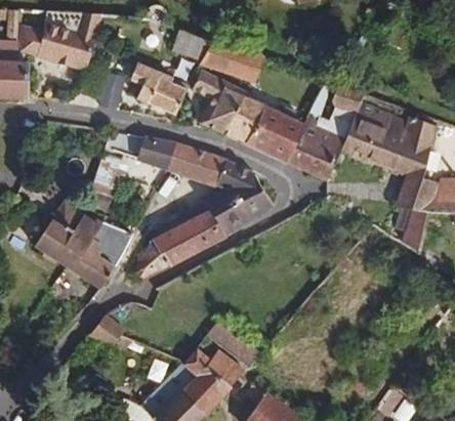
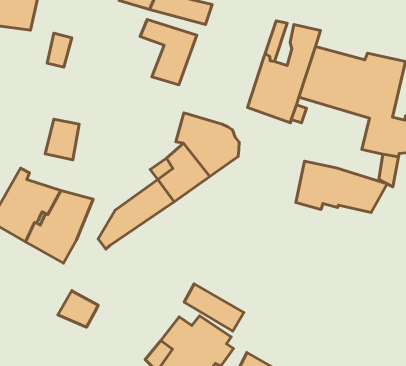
building: [129,61,190,111] -> none
building: [221,87,303,160] -> none
building: [137,134,223,185] -> none
building: none -> [296,161,387,213]

